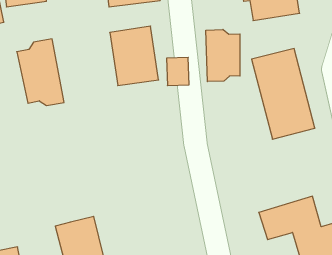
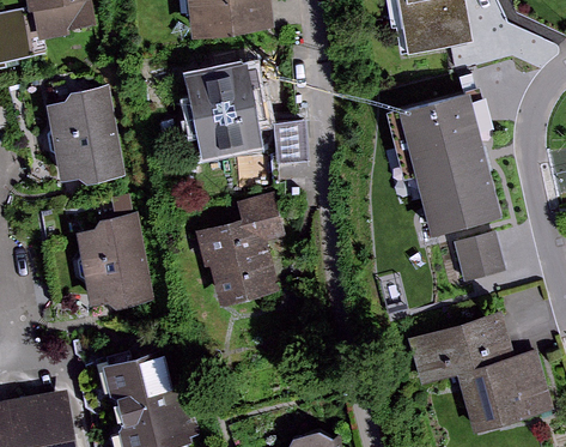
building: [206,29,240,82] -> none
building: none -> [201,189,287,309]
building: none -> [78,212,148,304]
building: none -> [463,236,504,279]

